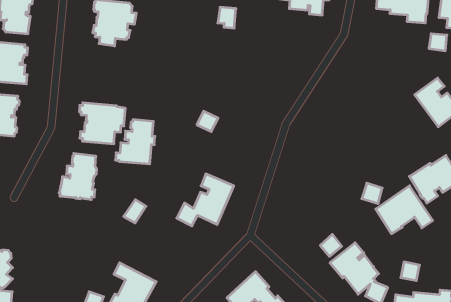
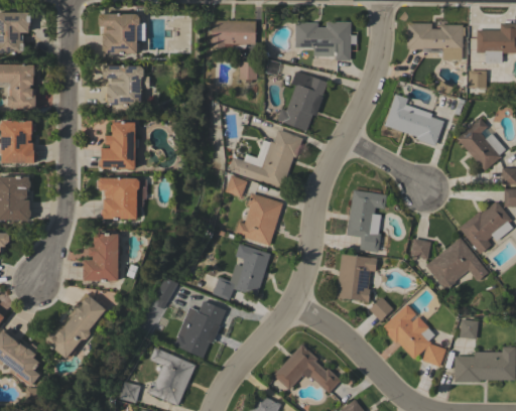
building: none -> [276,72,328,131]
building: none -> [384,94,443,145]
building: none -> [229,129,302,188]
building: [115,120,155,164] -> [98,122,138,168]
building: none -> [235,192,282,245]
building: none -> [347,189,386,252]
building: none -> [336,254,377,301]
building: none -> [46,292,106,359]
building: none -> [173,300,226,358]

